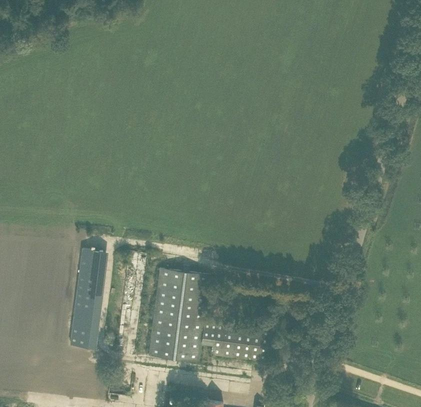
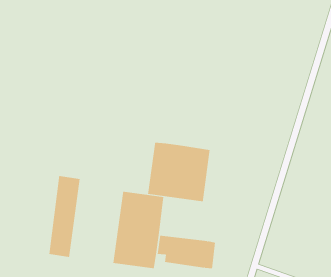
building: none -> [148,142,210,202]

